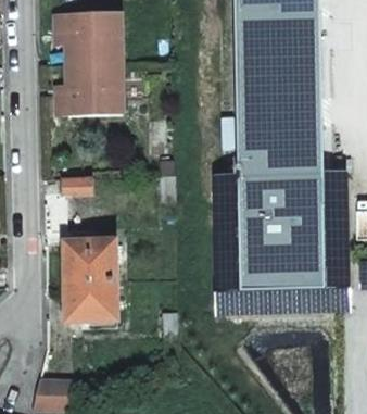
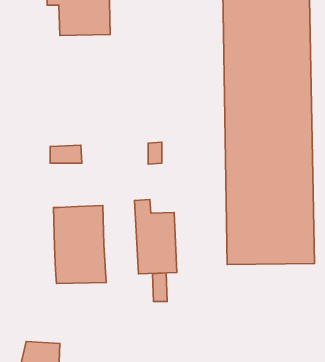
building: [55,64,121,115] -> none
building: none -> [135,199,177,274]

